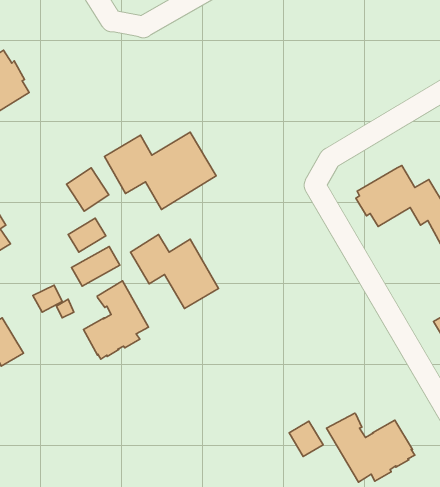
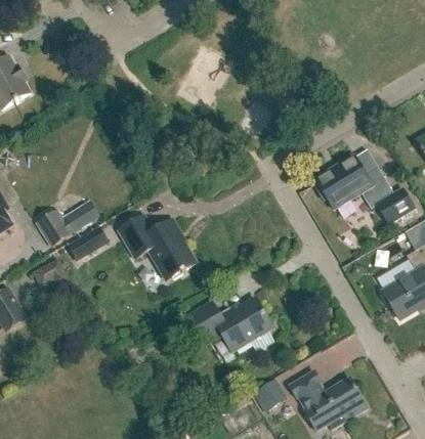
building: [105,132,216,209] -> none
building: [66,168,109,211] -> [36,208,73,246]
building: [83,281,149,359] -> none
building: none -> [188,298,273,352]

